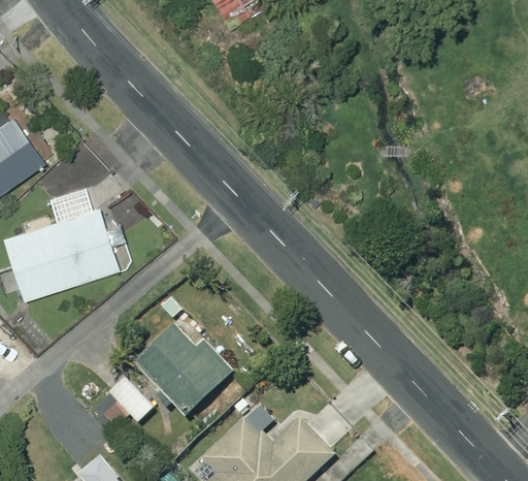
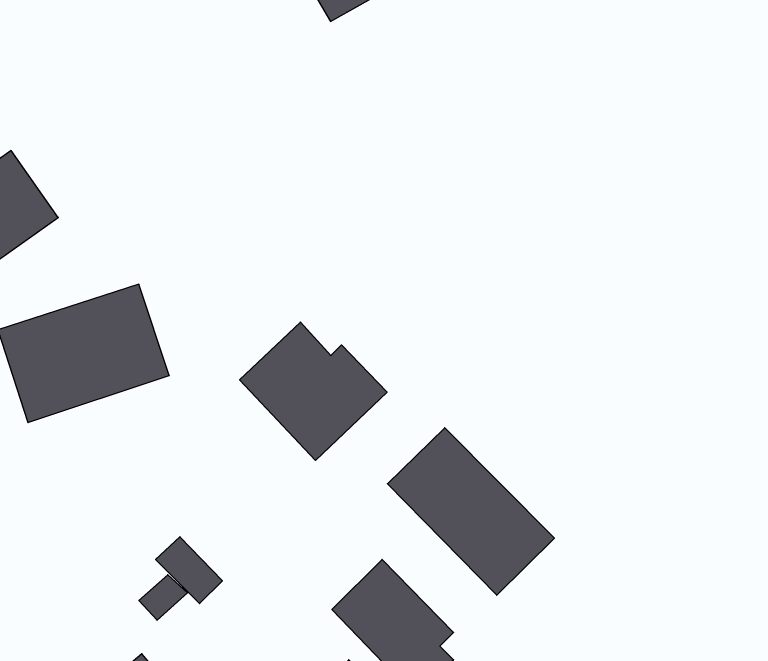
building: none -> [387,428,554,595]
building: [134,325,234,419] -> [240,322,387,460]

